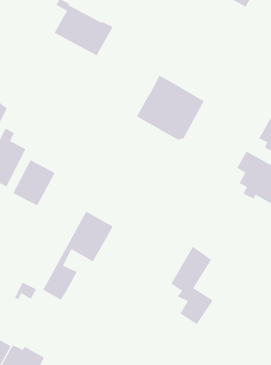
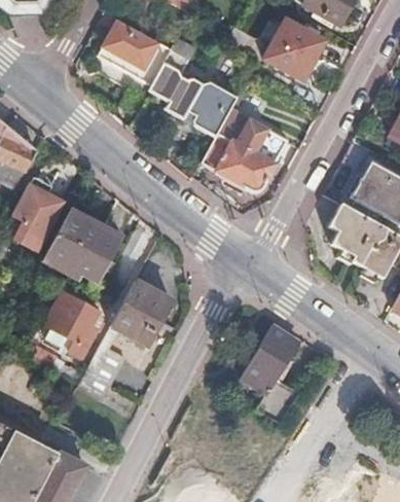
building: none -> [263,19,324,80]
building: none -> [148,37,237,135]
building: none -> [76,231,121,286]
building: none -> [53,295,100,346]

